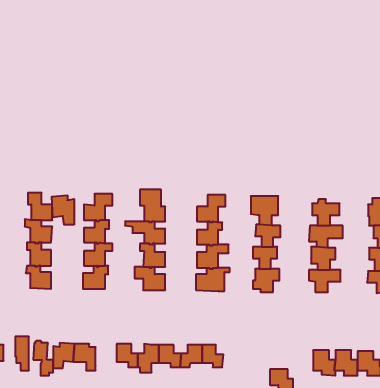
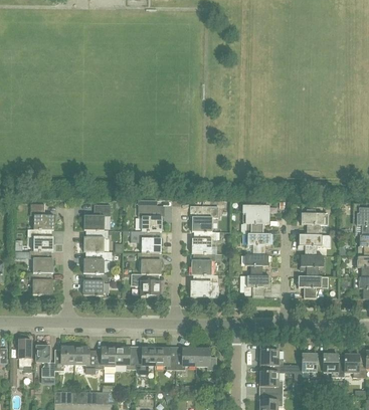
building: [52,195,74,225] -> none
building: none -> [95,347,115,371]
building: none -> [260,350,283,372]

